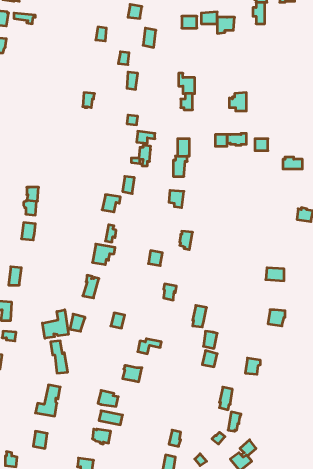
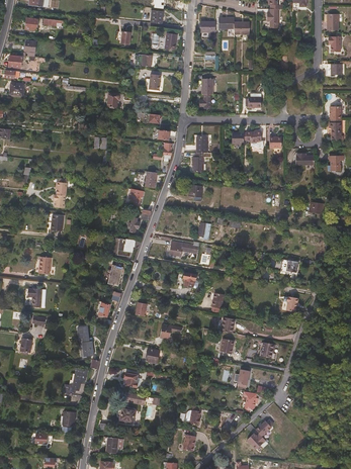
building: [42,310,68,338] -> none

